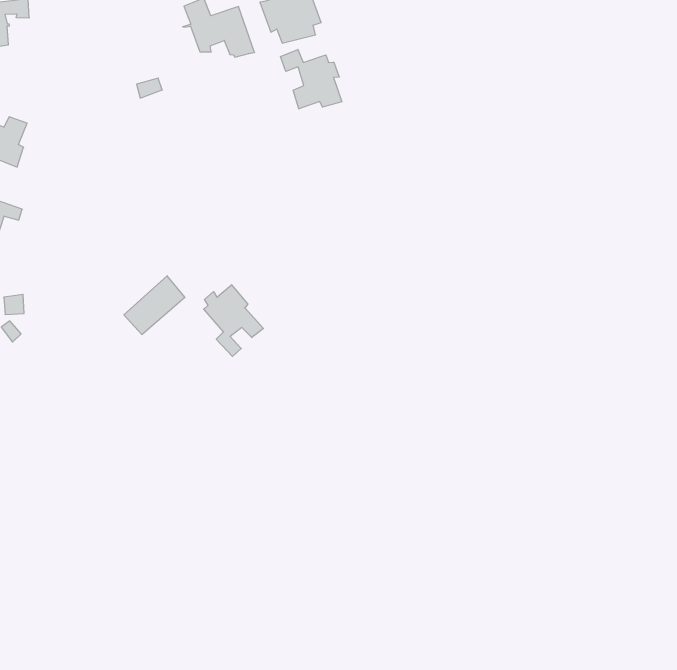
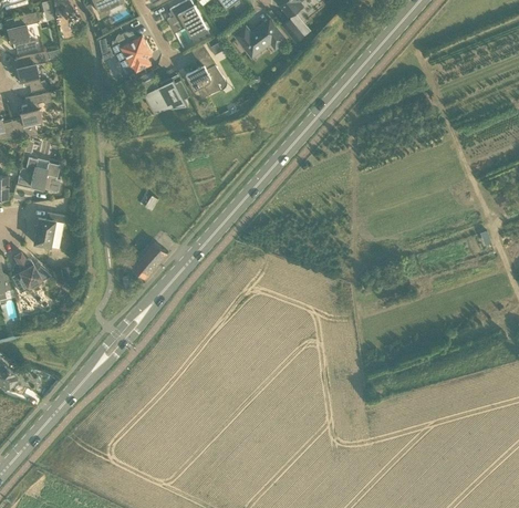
building: [281,49,342,109] -> none
building: [204,285,263,356] -> none

